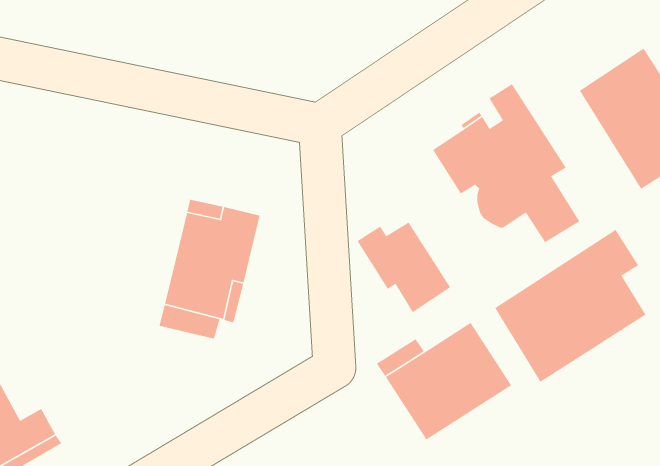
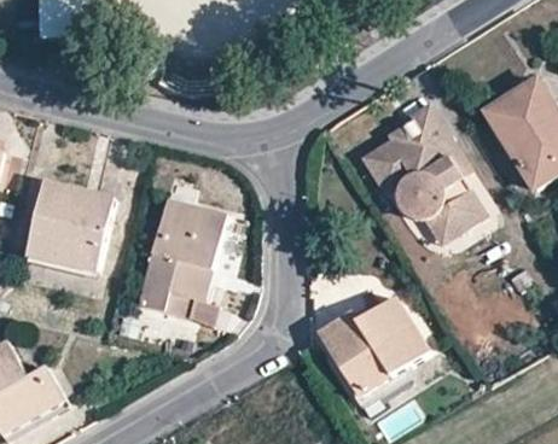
building: none -> [27,181,111,271]
building: [356,221,451,314] -> none
building: [494,229,647,383] -> none

